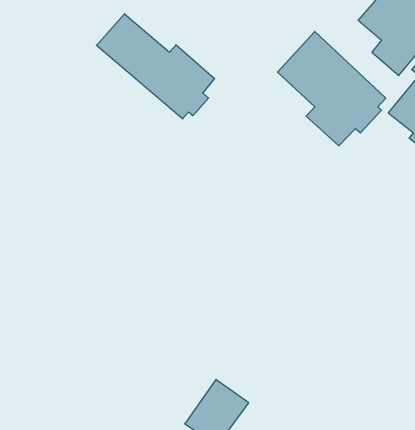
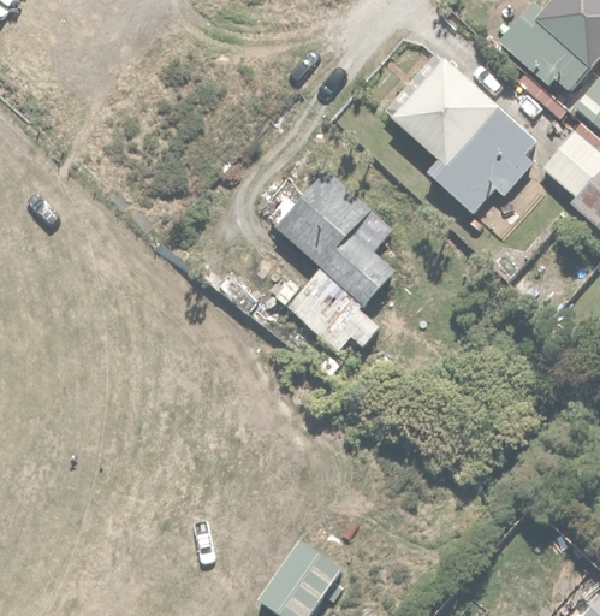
building: [96,14,215,119] -> none
building: none -> [266,170,397,359]

